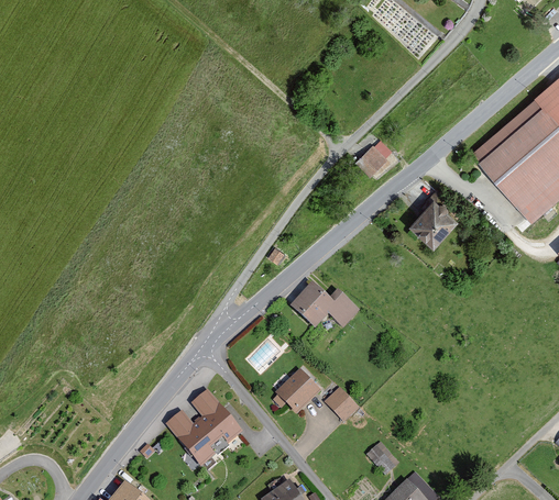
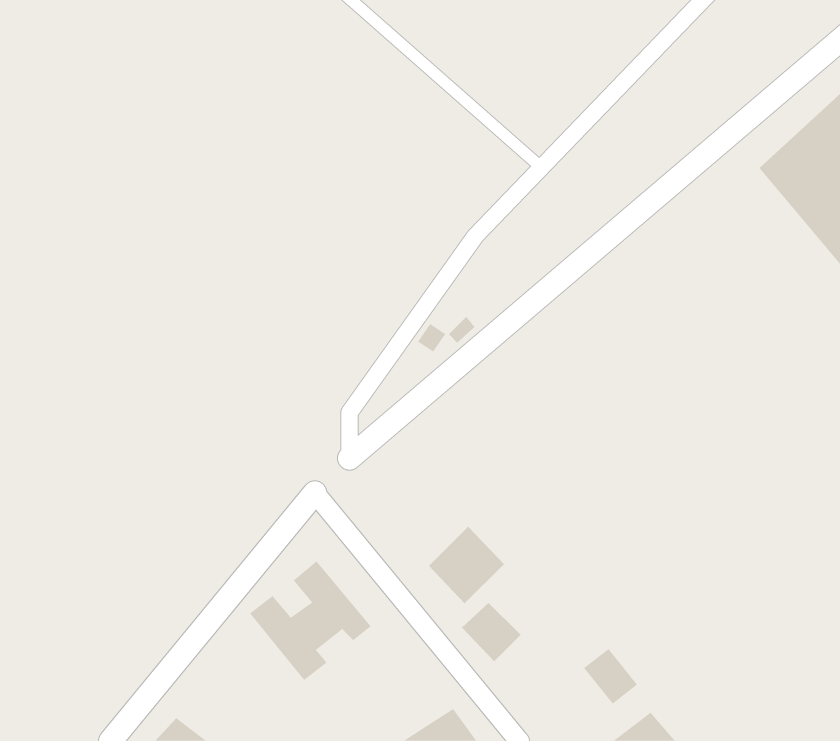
building: [354,138,395,179] -> none
building: [409,200,457,247] -> none
building: [289,282,360,330] -> none
building: [325,388,361,424] -> [461,602,521,662]

